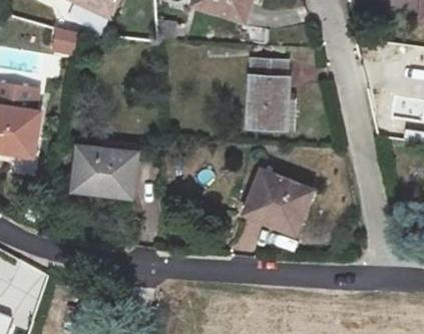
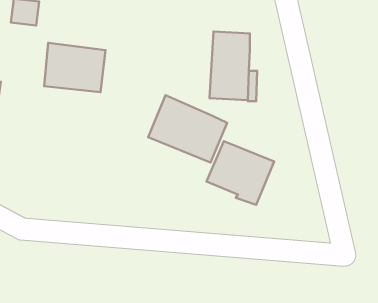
building: none -> [148,95,227,162]
building: [74,145,135,195] -> [44,43,106,92]

